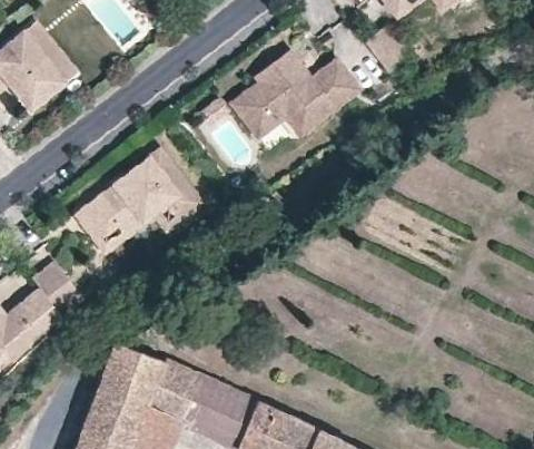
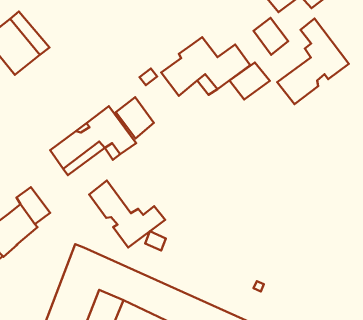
building: none -> [277,18,349,104]
building: none -> [230,63,270,100]
building: none -> [116,97,154,138]
building: none -> [89,180,165,248]

